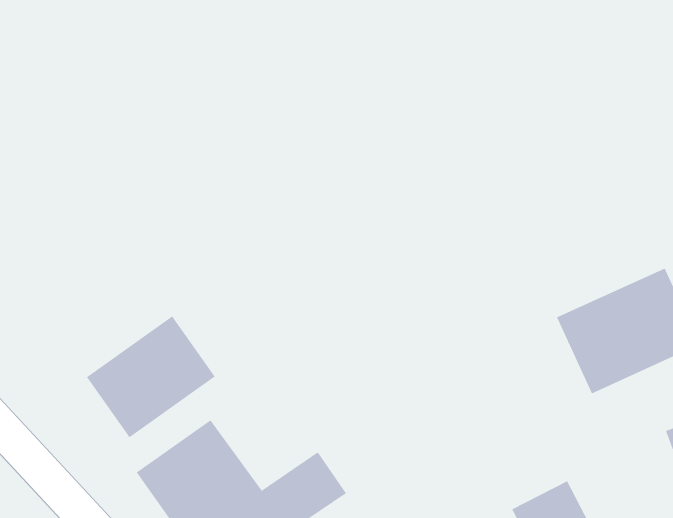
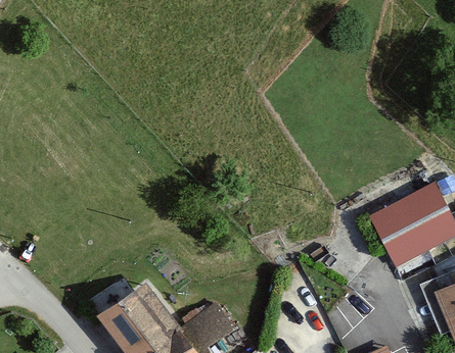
building: [86,315,216,438] -> none

